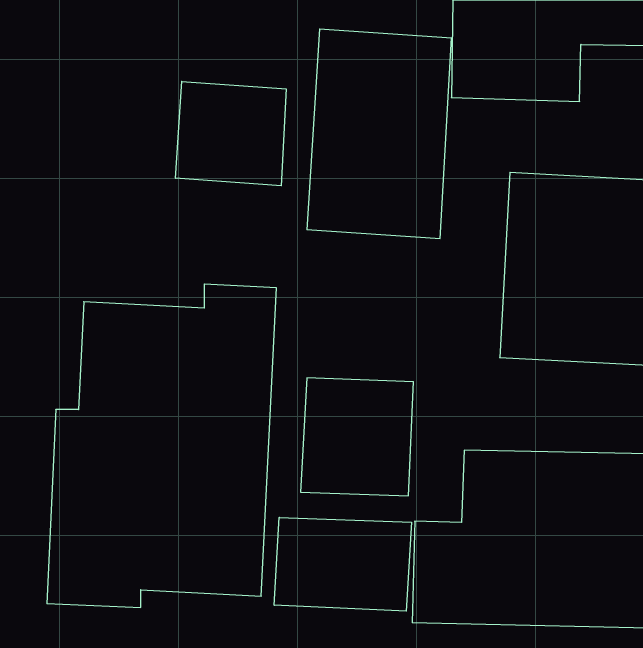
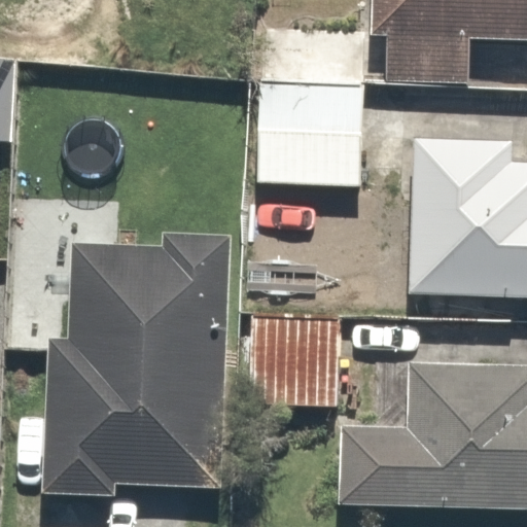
building: [176,81,286,186] -> none
building: [274,517,411,611] -> none

